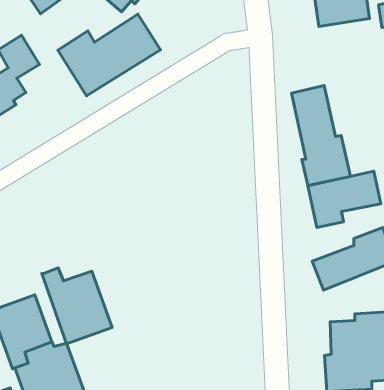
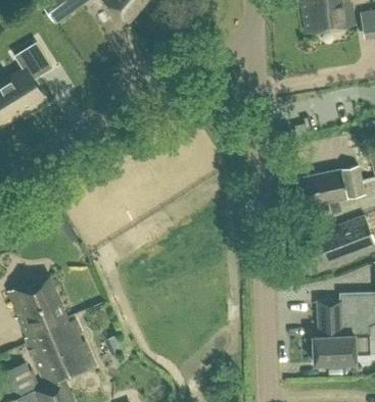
building: [58,14,161,96] -> none
building: [291,86,350,186] -> none
building: [42,268,112,344] -> none

